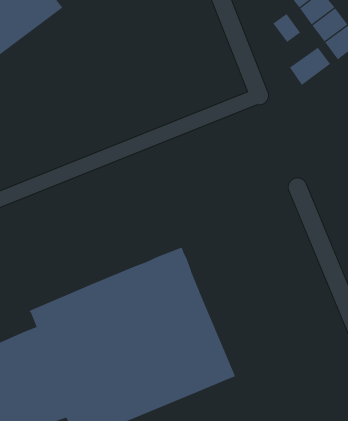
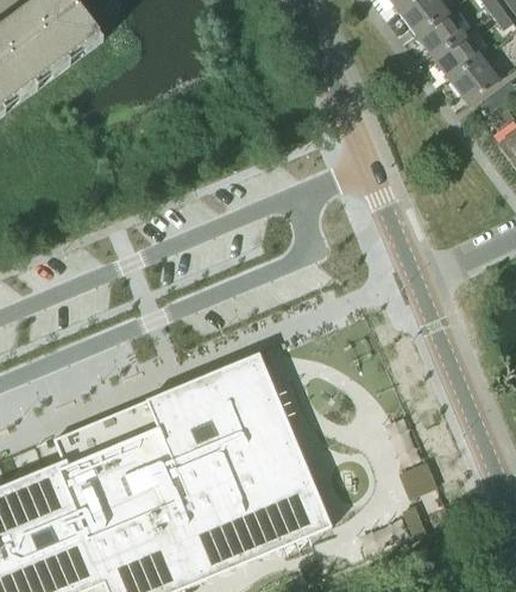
building: [273,13,301,43] -> none
building: [289,47,331,86] -> none

